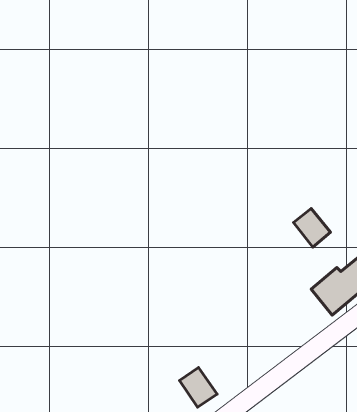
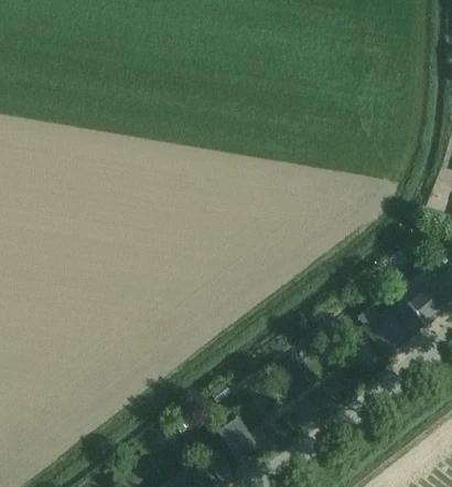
building: [294,208,331,247] -> none

